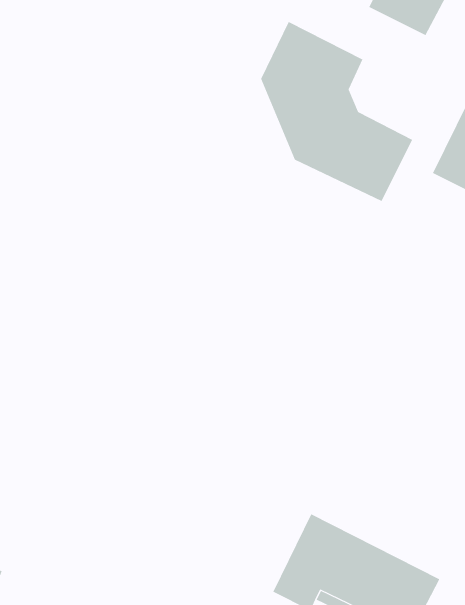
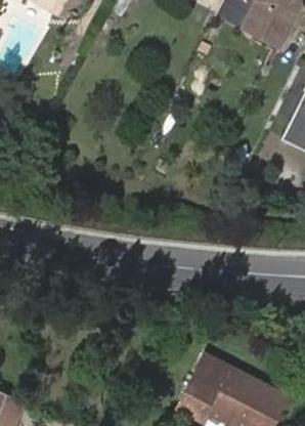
building: [261,21,413,202] -> none

